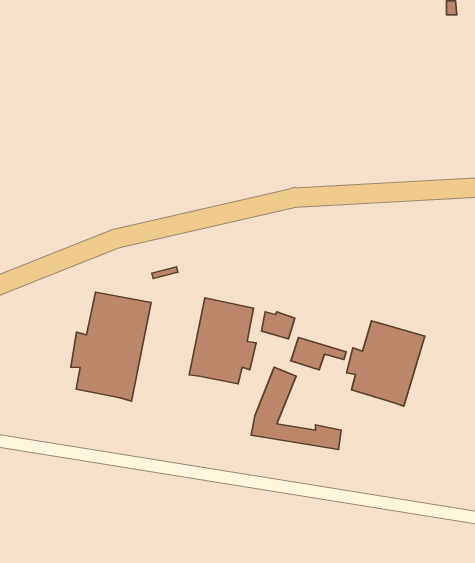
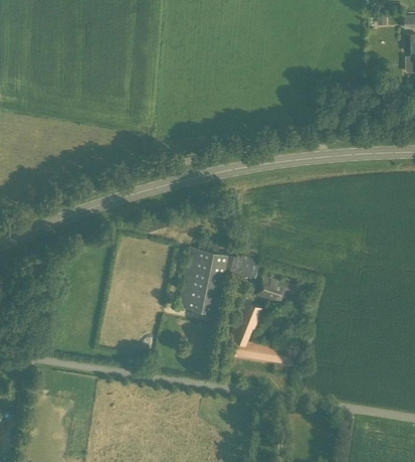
building: [71,292,151,401] -> none
building: [347,321,425,406] -> none

